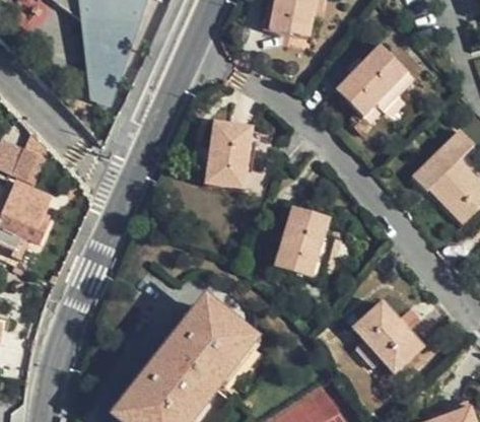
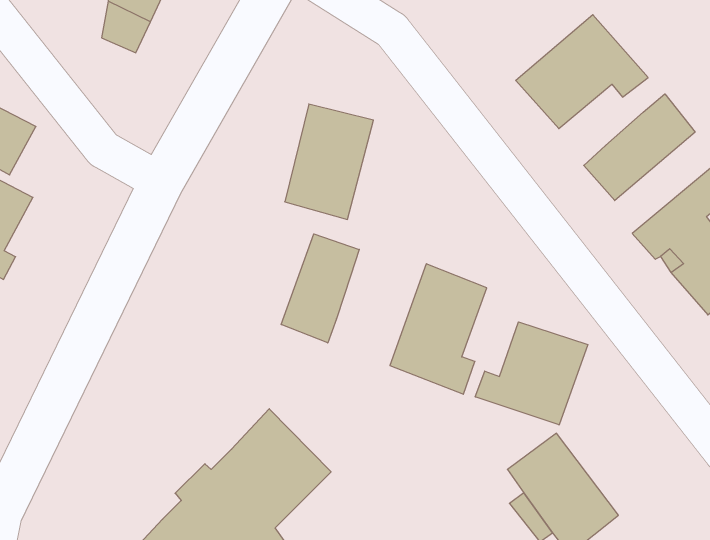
building: none -> [584,94,695,201]
building: none -> [281,234,359,343]
building: none -> [475,322,588,425]

